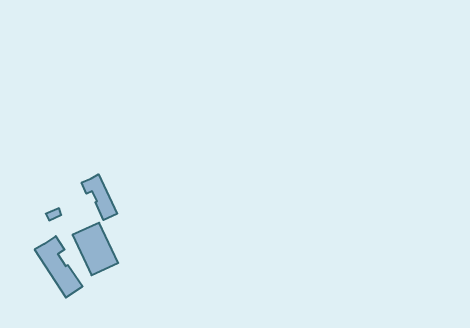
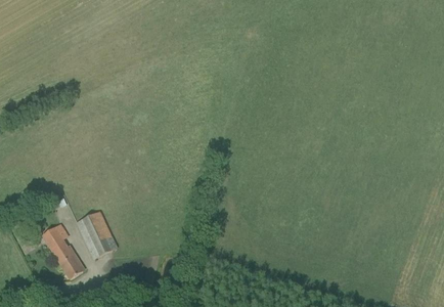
building: [82,174,117,220] -> none

